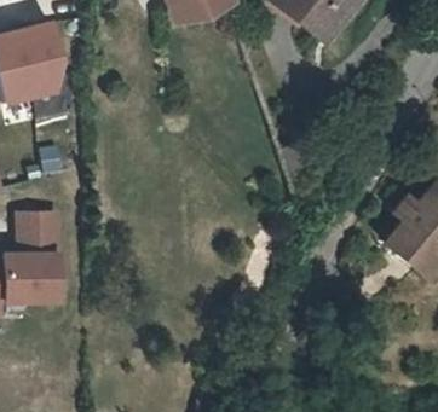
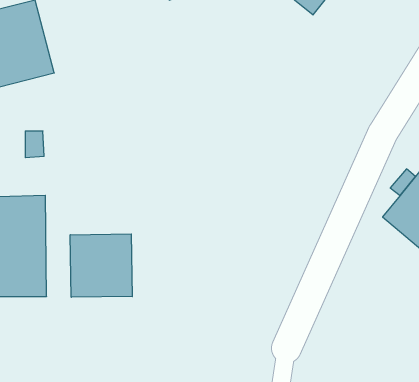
building: none -> [70,234,132,297]

